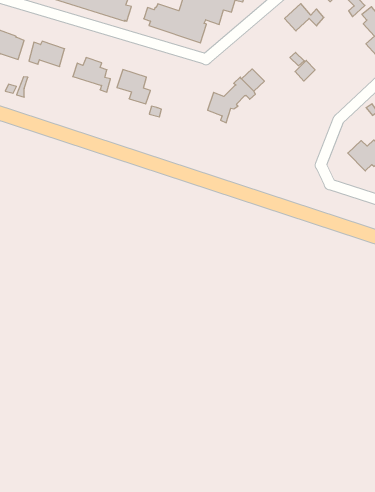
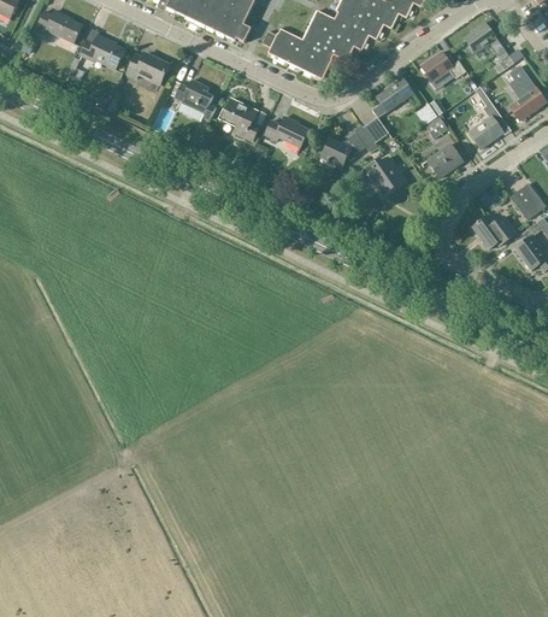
building: none -> [467,87,503,149]
building: none -> [371,78,412,118]
building: none -> [263,116,307,147]
building: none -> [425,145,461,178]
building: none -> [364,157,402,194]

